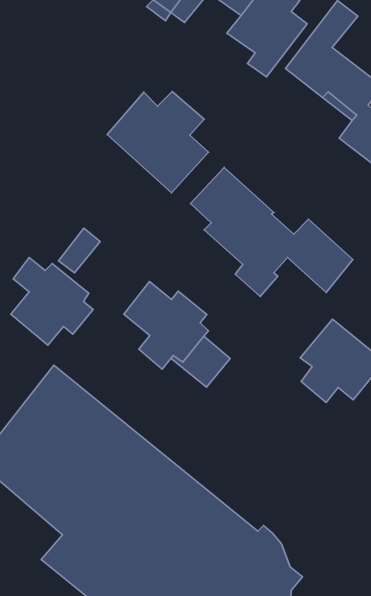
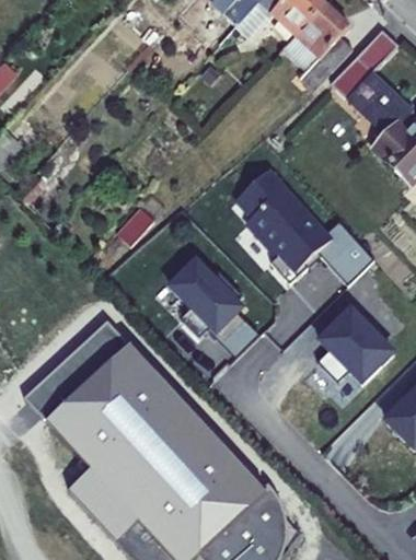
building: [107,92,208,193] -> none
building: [11,257,93,345] -> none

